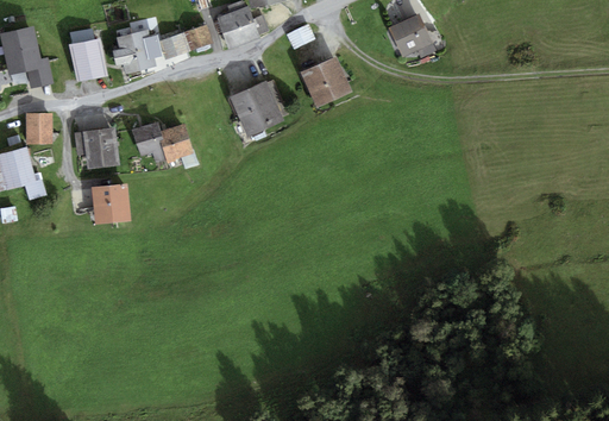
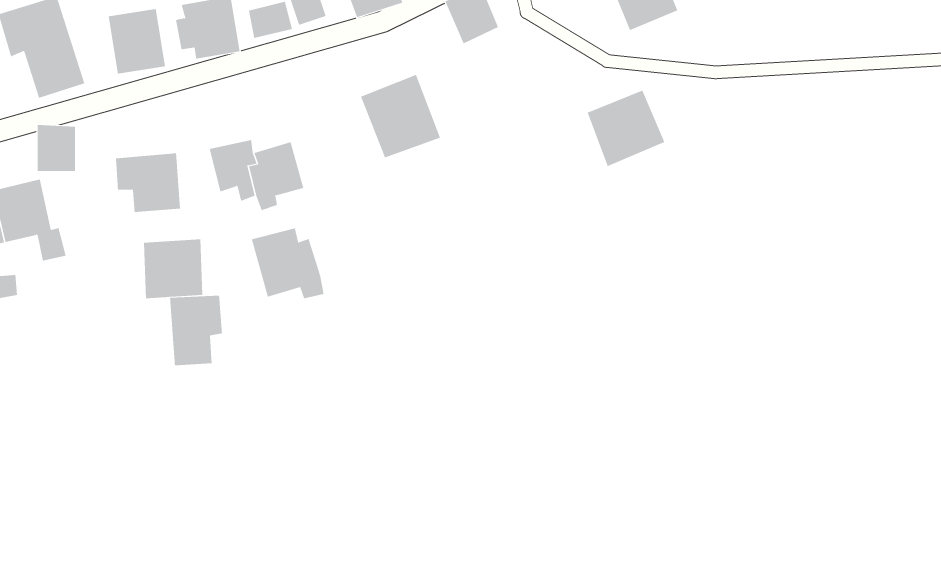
building: [301,57,351,106] -> [587,90,665,167]
building: none -> [251,228,324,299]
building: none -> [170,295,222,366]

